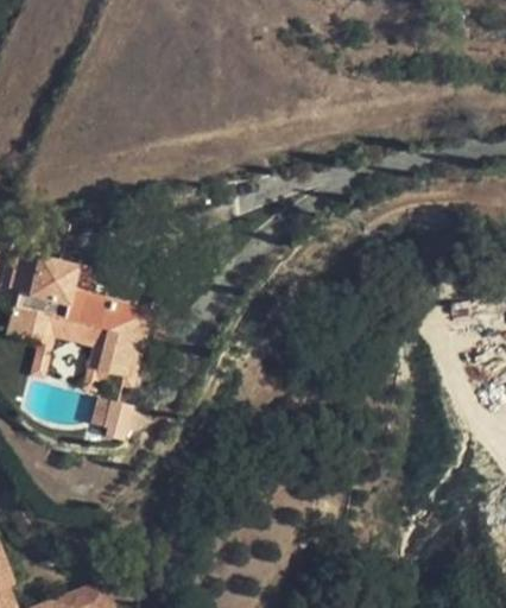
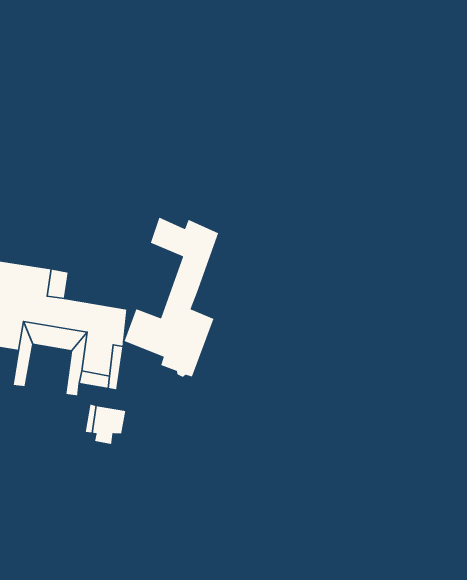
building: none -> [124,217,219,378]

